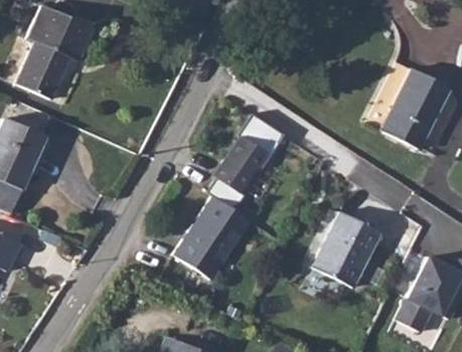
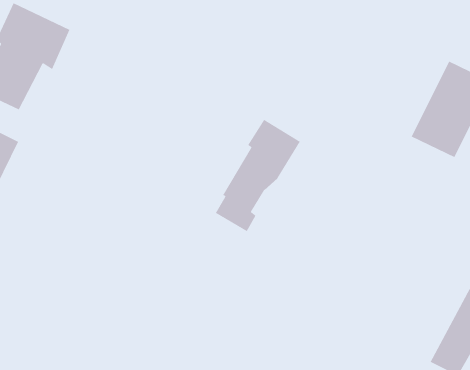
building: [174,194,249,277] -> none
building: [310,210,378,287] -> none

